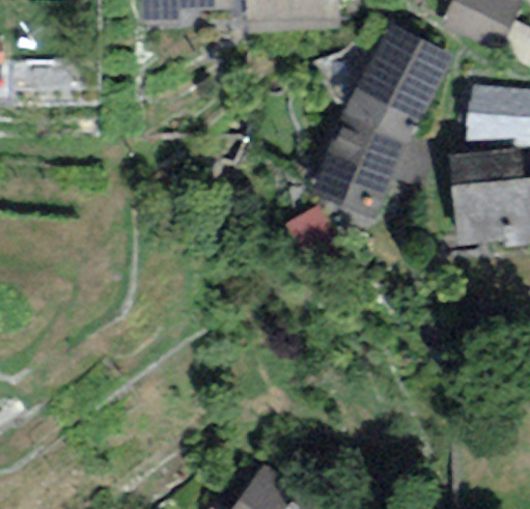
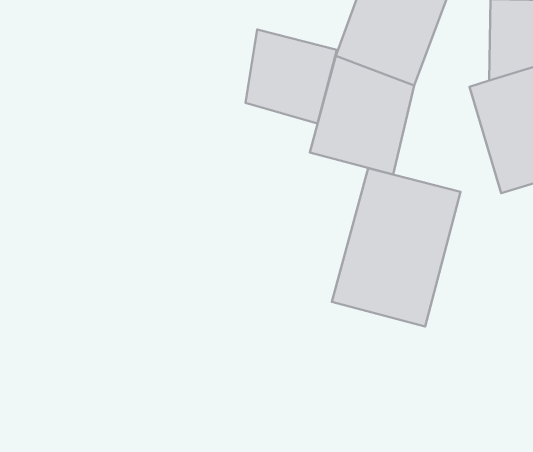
building: none -> [246,30,337,124]
building: none -> [332,168,460,326]

